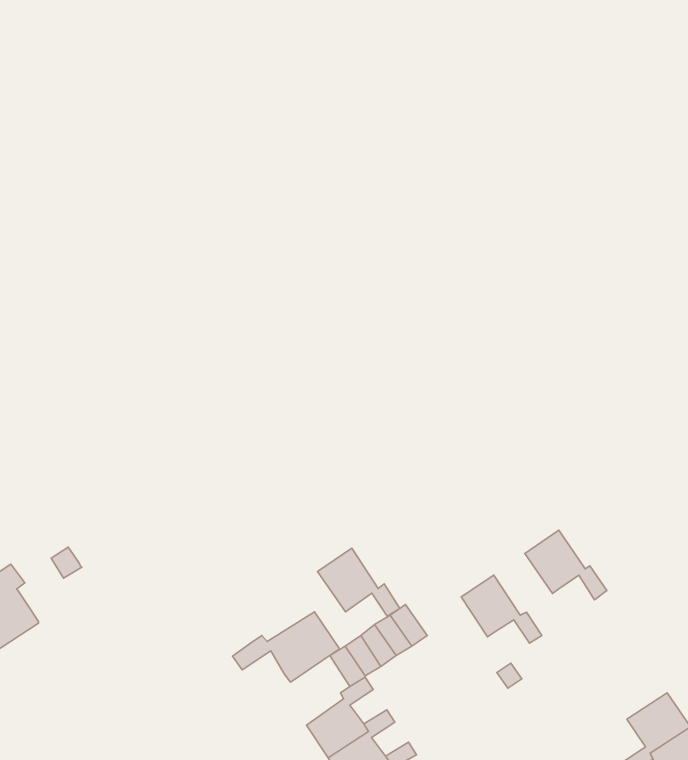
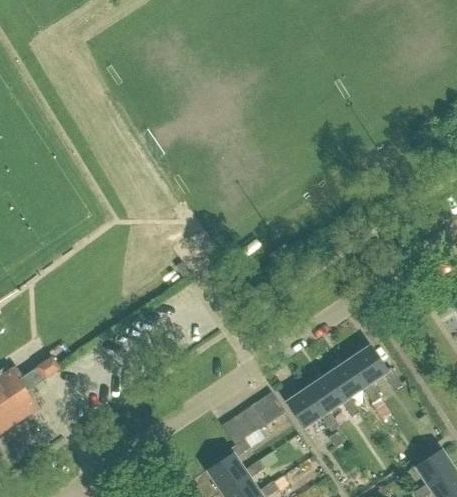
building: [318,548,400,616] -> [285,387,338,431]
building: none -> [328,359,380,403]
building: [233,612,339,682] -> none

